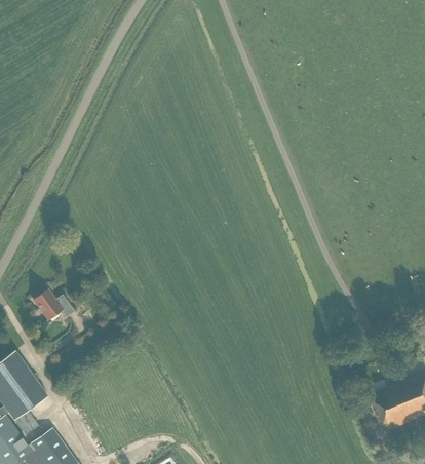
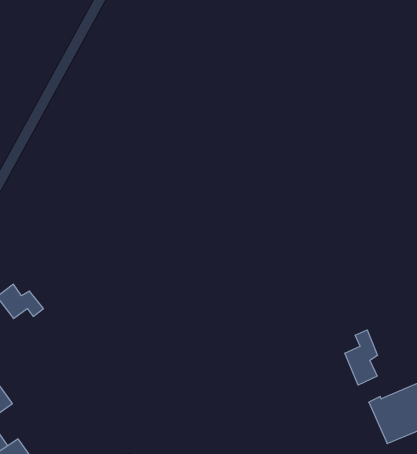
building: none -> [345,330,377,385]

